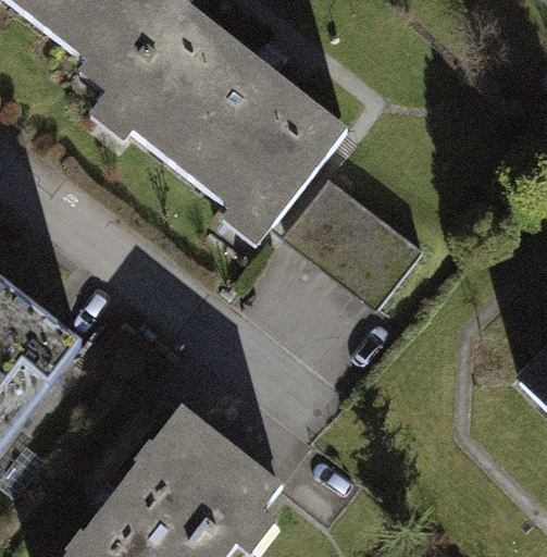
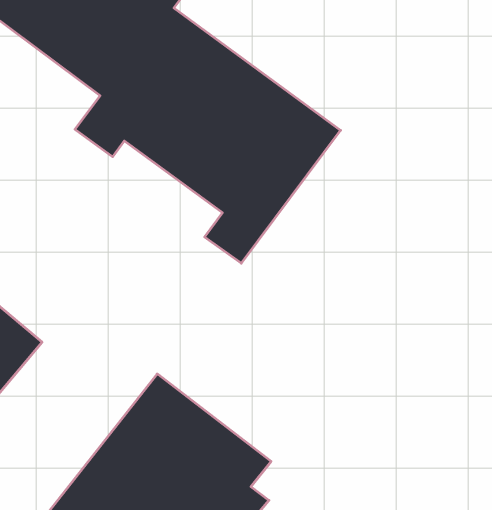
building: [308,189,433,310] -> none

